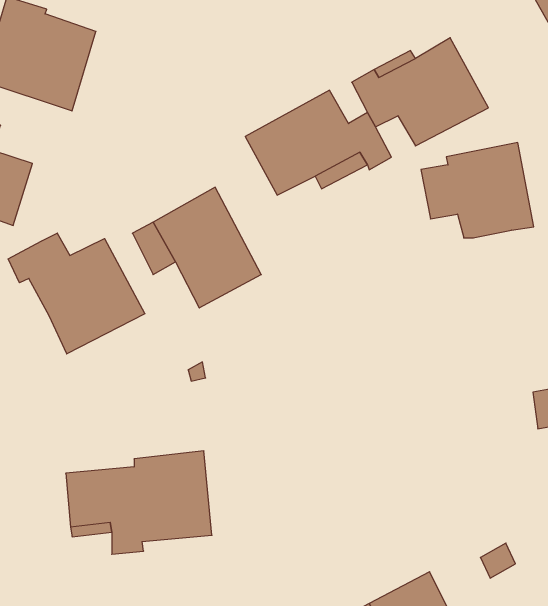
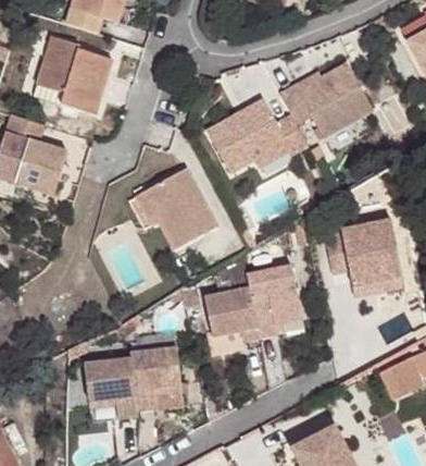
building: [421,143,534,238] -> [325,221,402,286]
building: [8,233,145,354] -> none
building: none -> [209,250,305,355]

